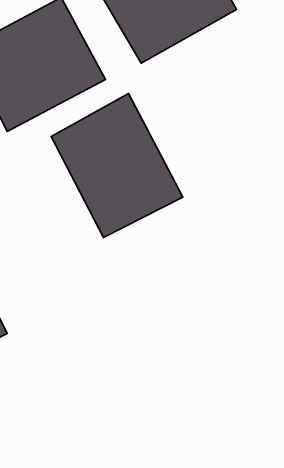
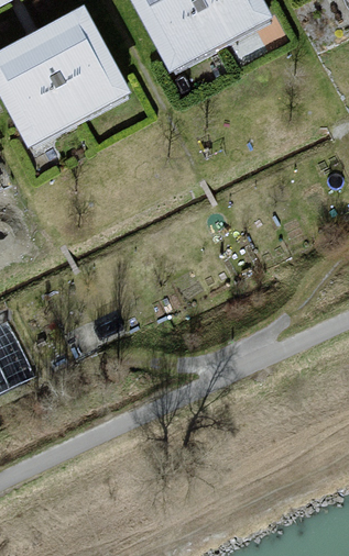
building: [51,94,183,237] -> none

